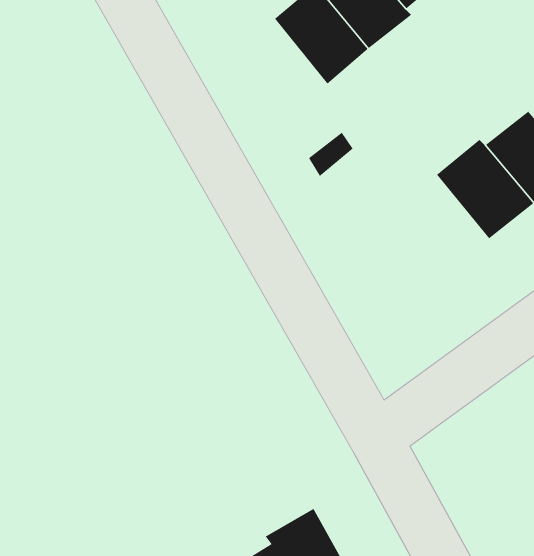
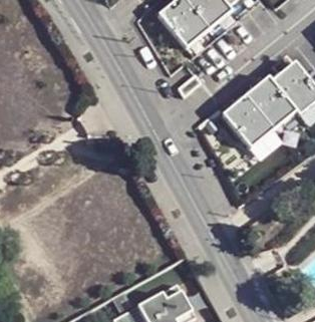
building: none -> [223,99,274,152]

